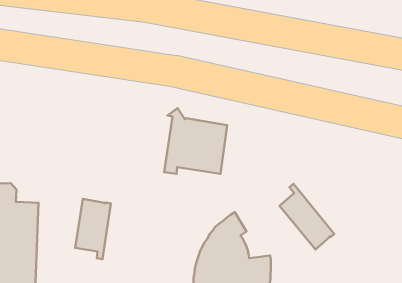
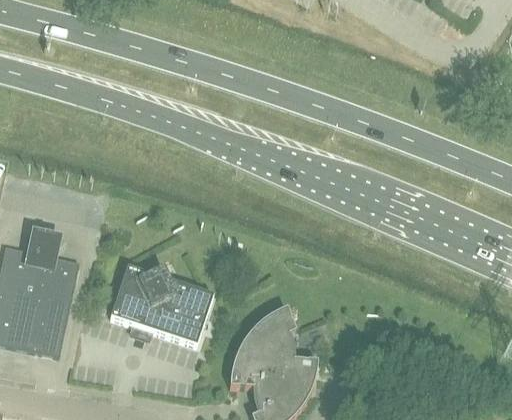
building: [164,108,227,174] -> [136,267,212,345]
building: [279,184,334,250] -> none

